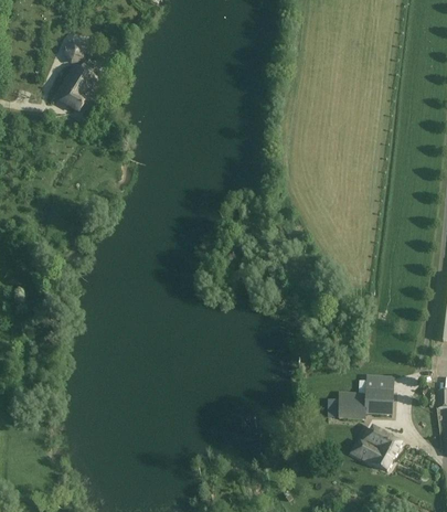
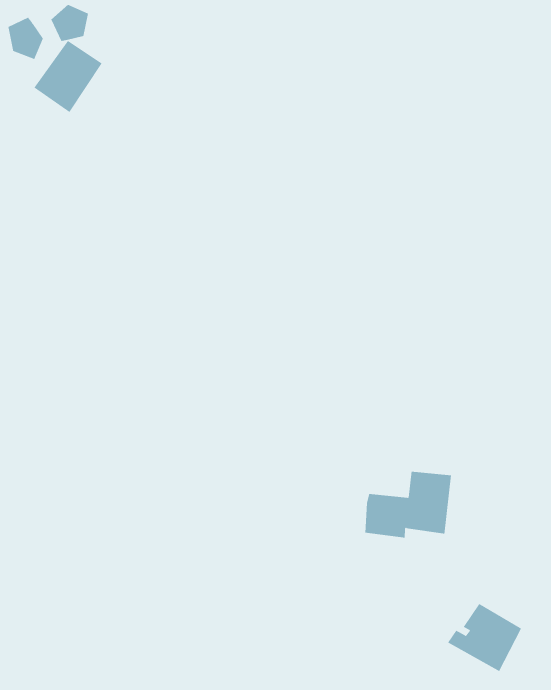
building: none -> [8,17,44,60]
building: [337,374,393,419] -> [365,471,452,538]

